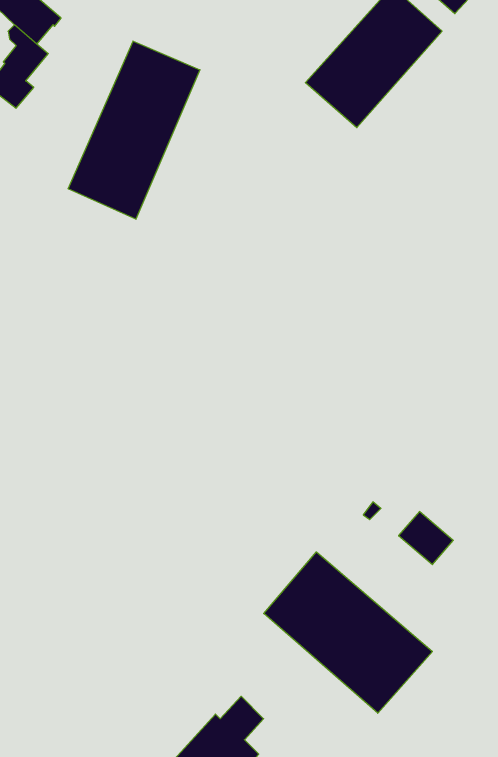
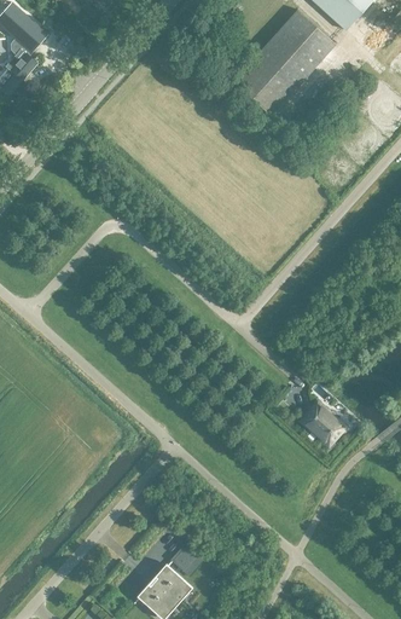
building: [68,41,200,219] -> none
building: [264,552,432,713] -> none

